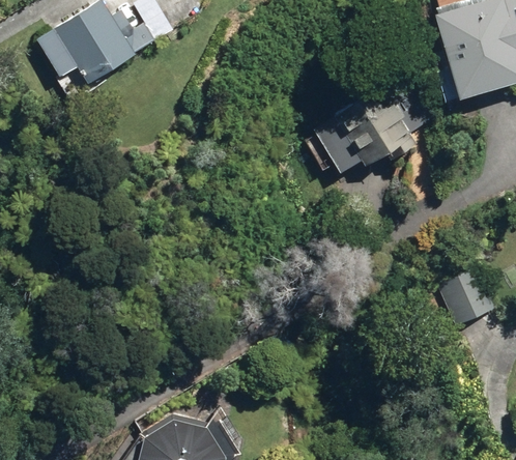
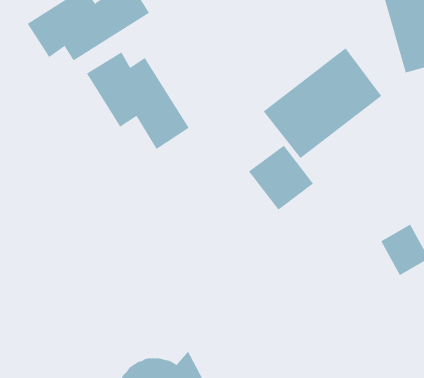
building: none -> [86,51,190,150]
building: none -> [248,145,314,210]

